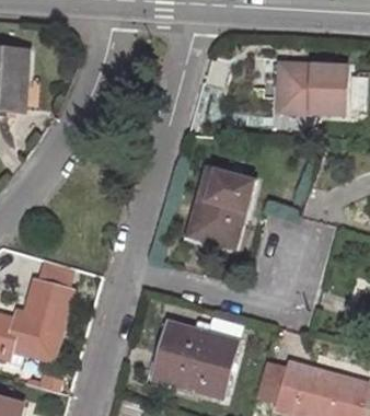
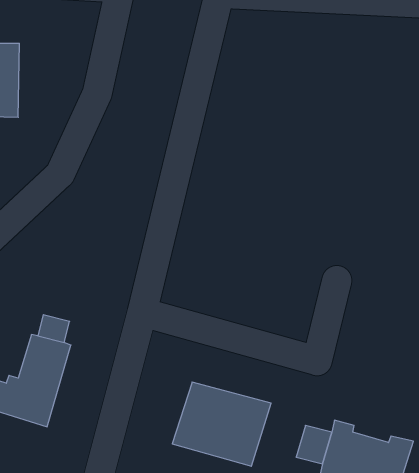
building: [277,62,348,114] -> none
building: [189,169,255,249] -> none

